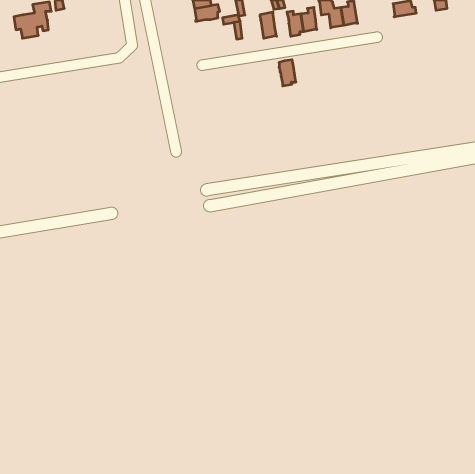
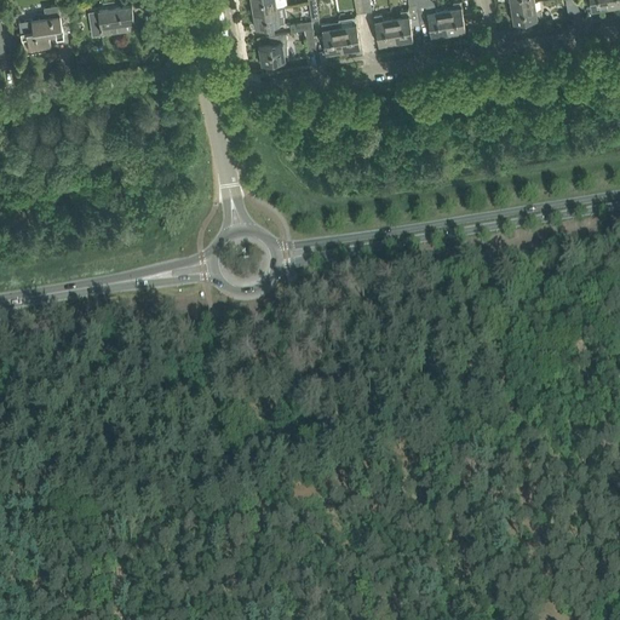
building: none -> [90,7,133,35]
building: none -> [258,34,287,67]
building: [279,60,296,86] -> [321,23,343,57]

